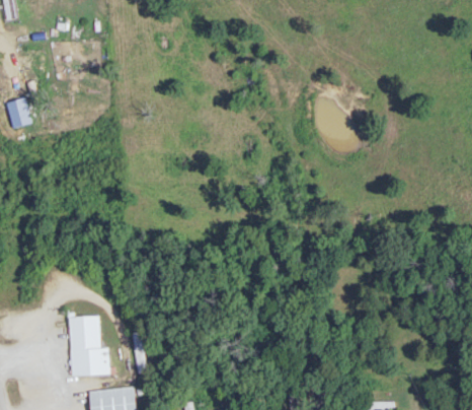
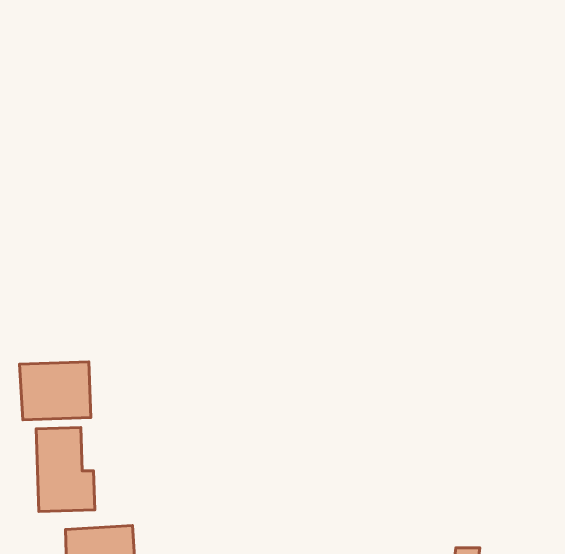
building: none -> [19,362,91,420]

